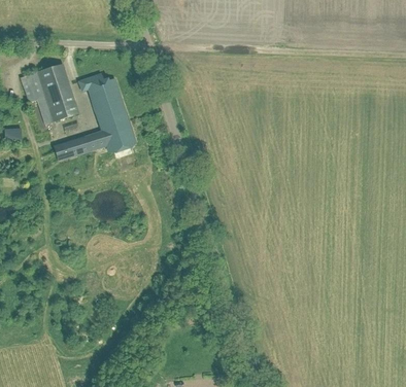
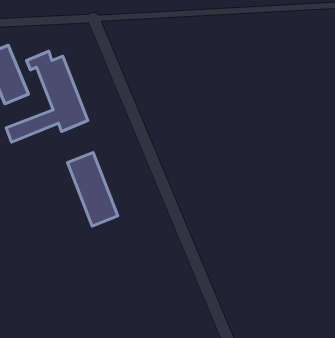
building: none -> [68,152,118,226]

